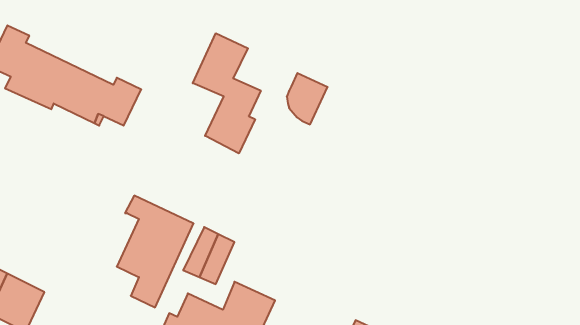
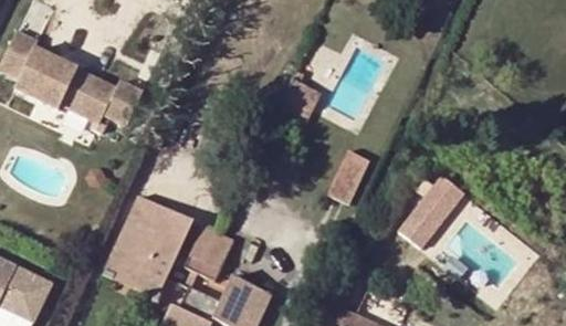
building: [193,33,261,153] -> none
building: none -> [329,150,371,202]
building: none -> [396,169,464,244]
building: none -> [103,210,143,288]

